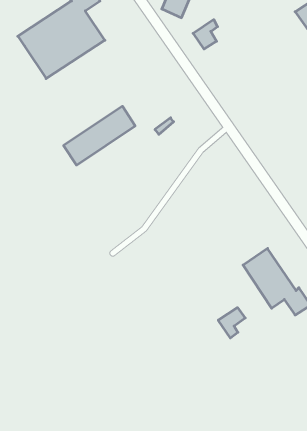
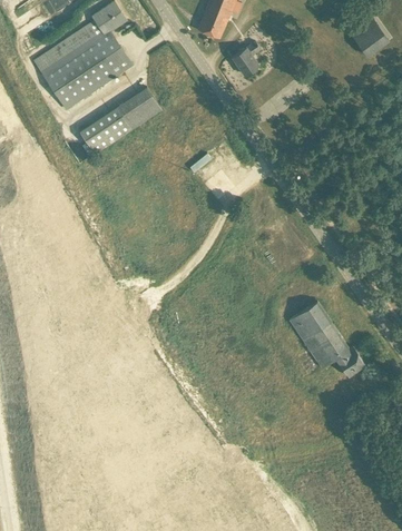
building: [64,106,135,165] -> [80,87,161,154]
building: [218,308,245,338] -> none

